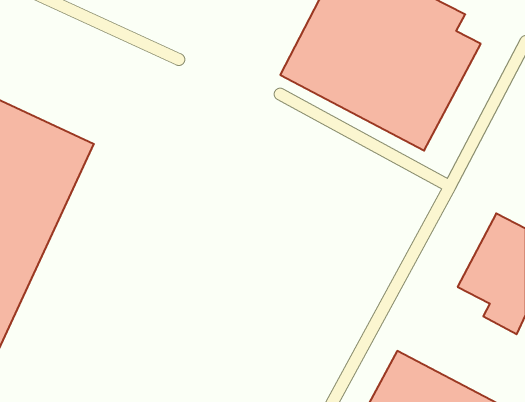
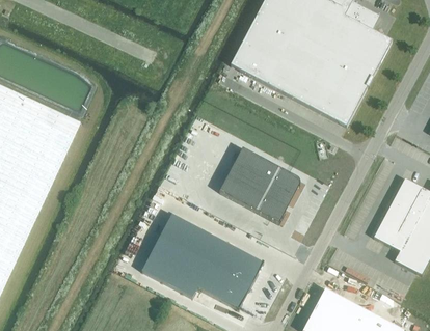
building: none -> [219,147,301,222]
building: none -> [142,214,263,308]

